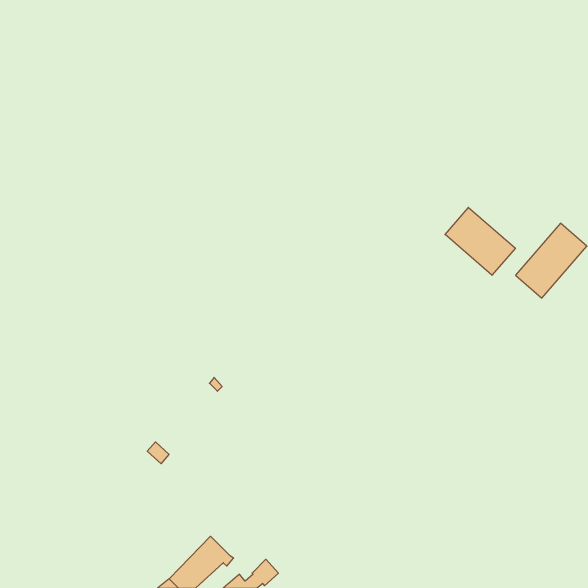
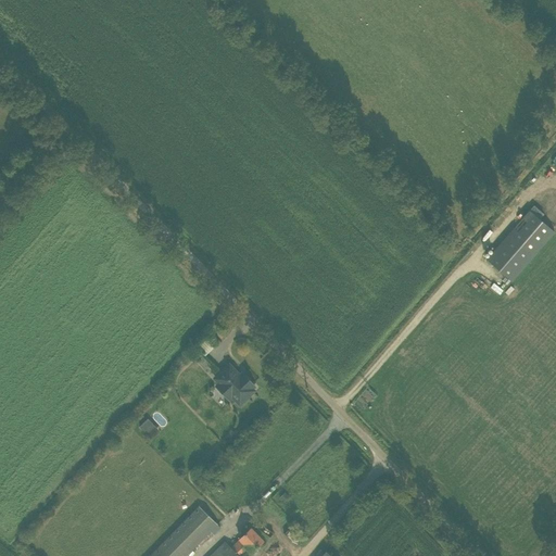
building: [445,207,515,275] -> none
building: none -> [215,365,254,404]

